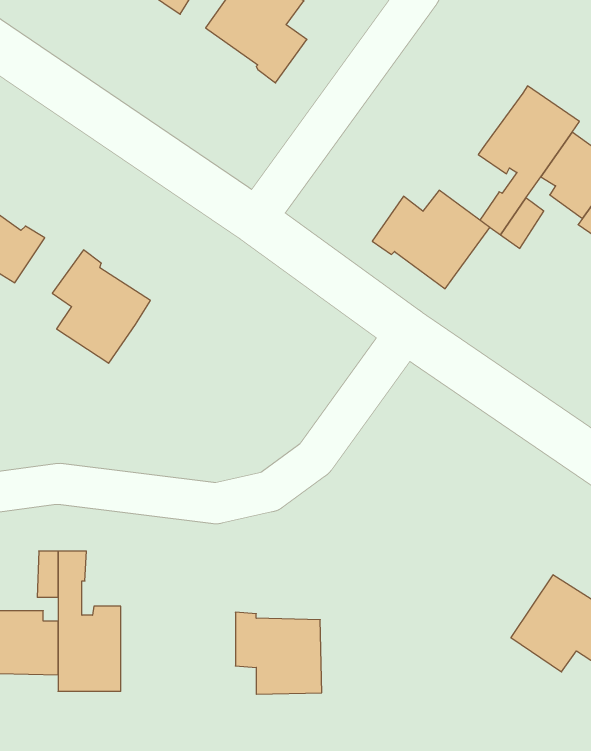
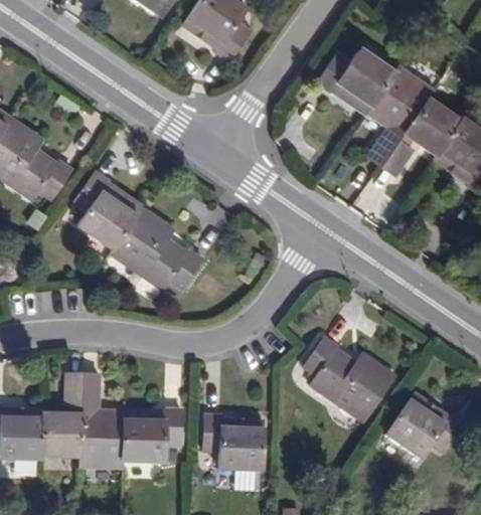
building: [372,190,490,289] -> [315,42,394,109]
building: none -> [115,207,205,290]
building: none -> [305,339,394,417]
building: none -> [123,411,181,464]

